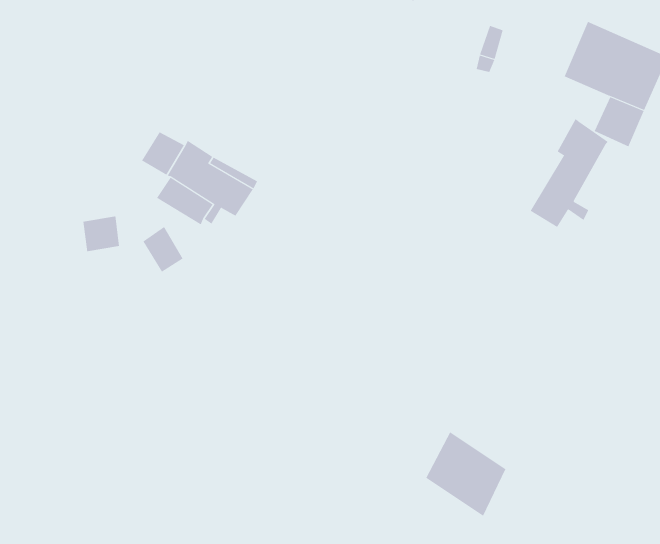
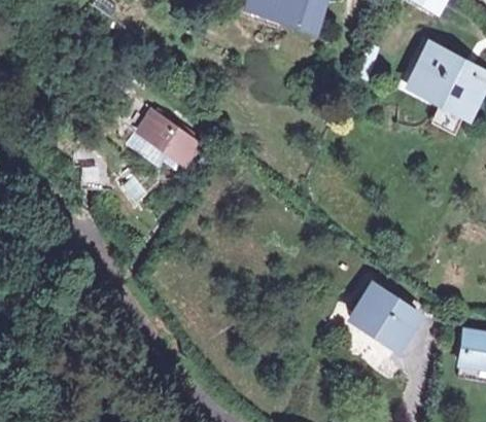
building: [530,118,608,228] -> none
building: [425,432,506,517] -> [357,292,412,351]

